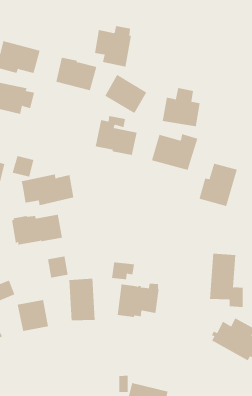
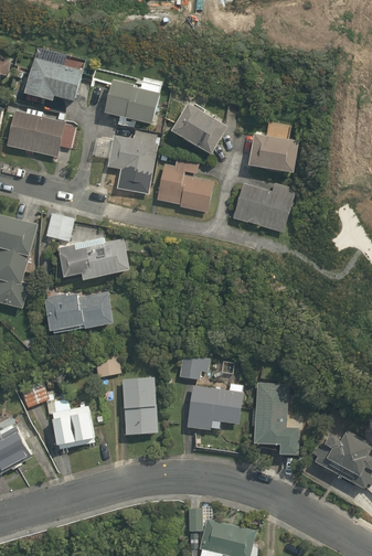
building: [94,25,132,67] -> [107,130,158,186]
building: [199,163,237,207] -> none
building: [209,253,244,307] -> [253,382,299,455]

